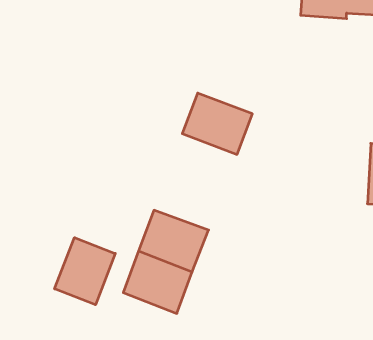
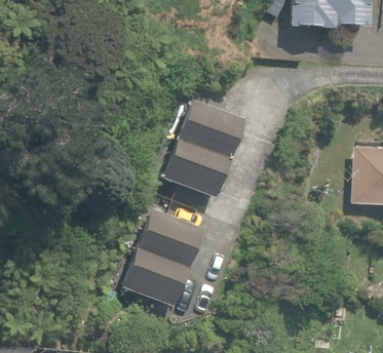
building: none -> [164,138,231,197]
building: [55,238,115,305] -> none

